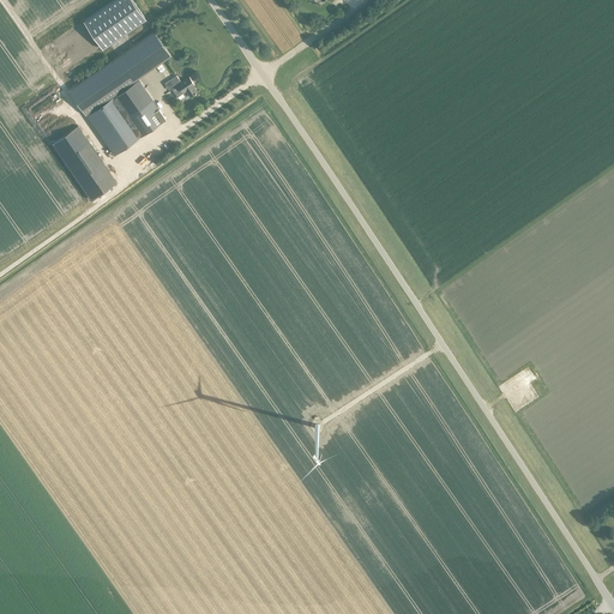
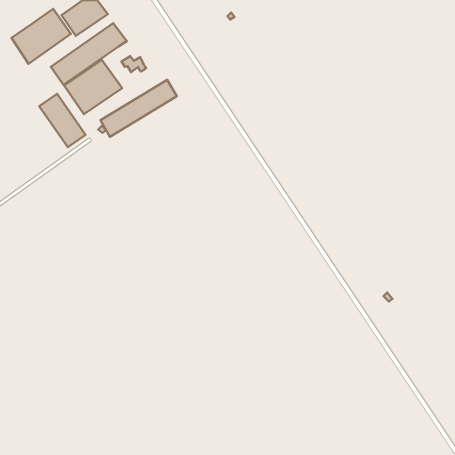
building: none -> [12,9,71,64]
building: none -> [101,80,177,137]

